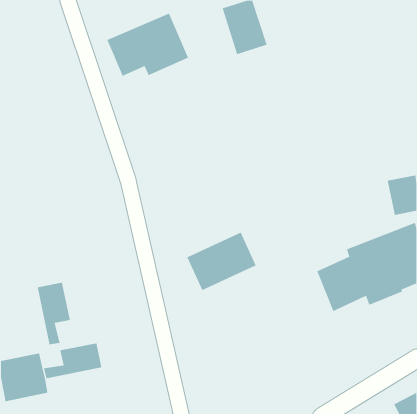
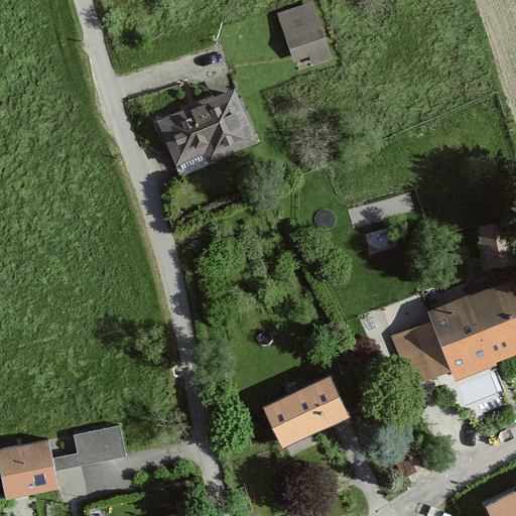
building: [107,13,189,77] -> [157,88,259,166]
building: [186,232,257,291] -> [263,374,350,446]
building: [37,282,70,345] -> none

